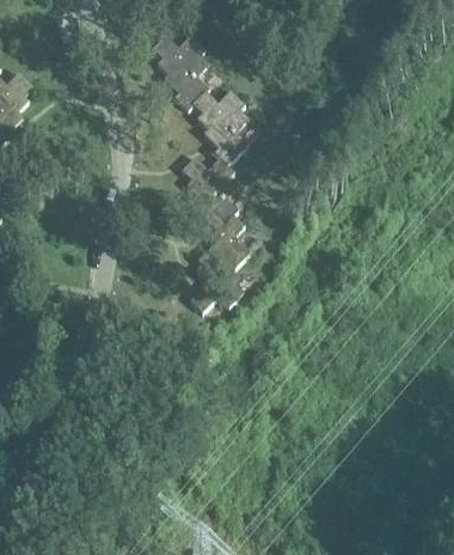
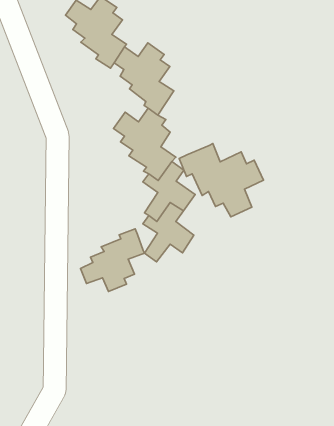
building: none -> [179,144,264,217]
building: none -> [80,229,144,291]

